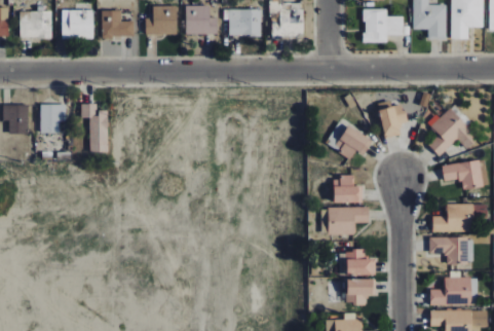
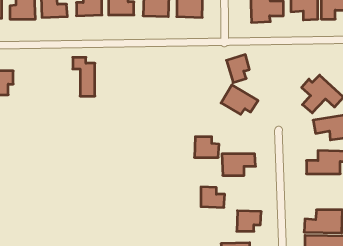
building: [80,104,108,152] -> [73,57,95,96]
building: [377,104,406,139] -> [226,55,249,83]
building: [332,177,363,203] -> [194,137,219,157]
building: [429,237,473,263] -> none
building: [345,250,375,275] -> [201,187,225,207]

